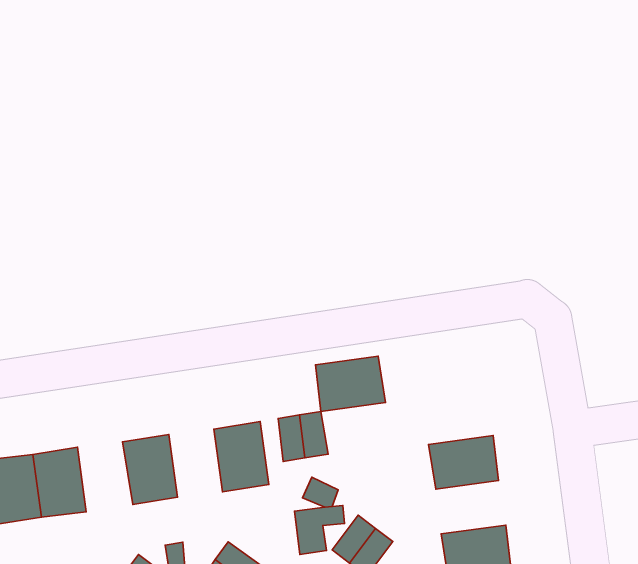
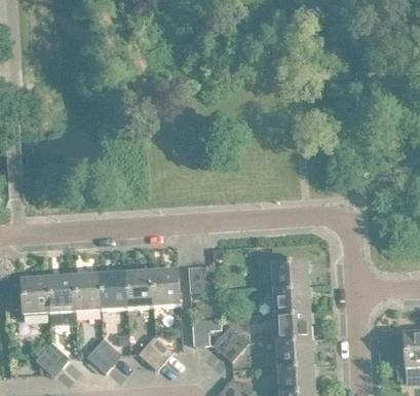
building: [315,356,385,411] -> [271,260,309,289]
building: none -> [125,271,153,308]
building: none -> [73,274,102,312]
building: none -> [274,313,312,340]

